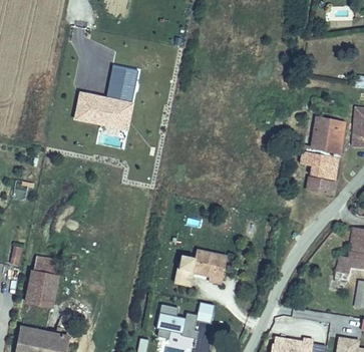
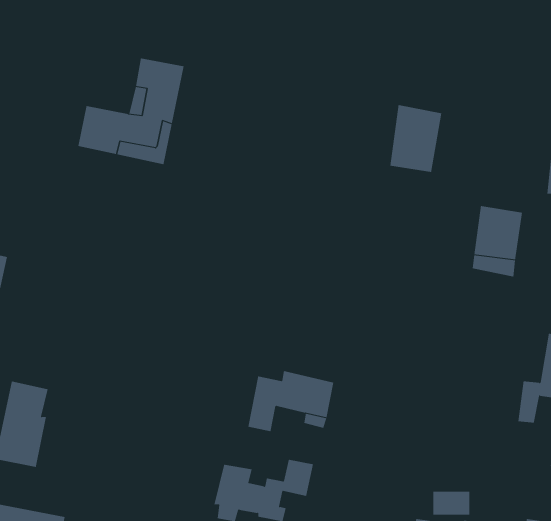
building: [313,116,344,156] -> [389,105,442,173]

